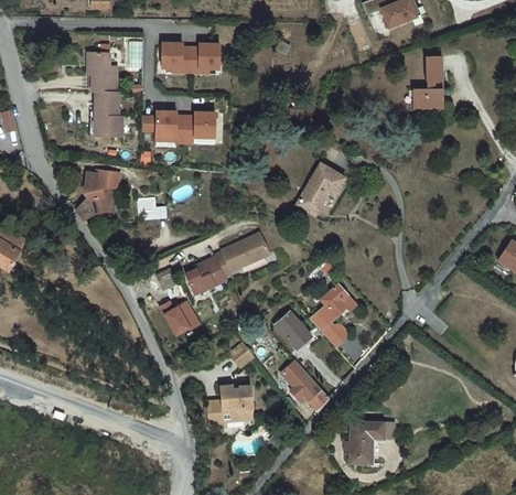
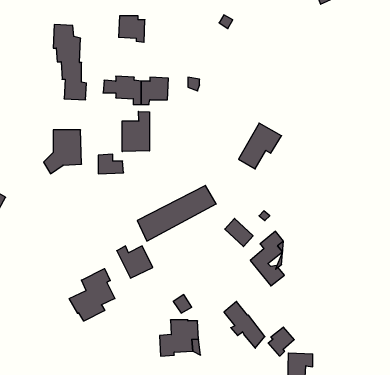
building: [190,42,219,71] -> none
building: [412,55,443,109] -> none
building: none -> [122,111,149,152]
building: [277,312,309,344] -> [225,218,253,247]
building: none -> [69,269,115,321]
building: none -> [268,327,294,356]

